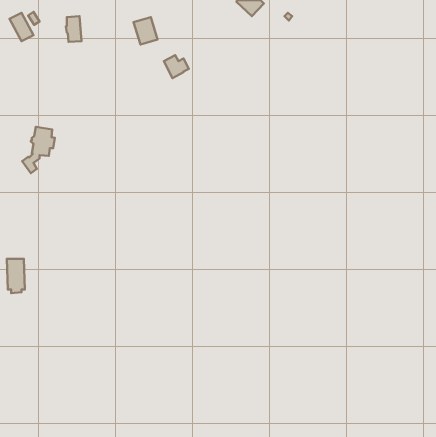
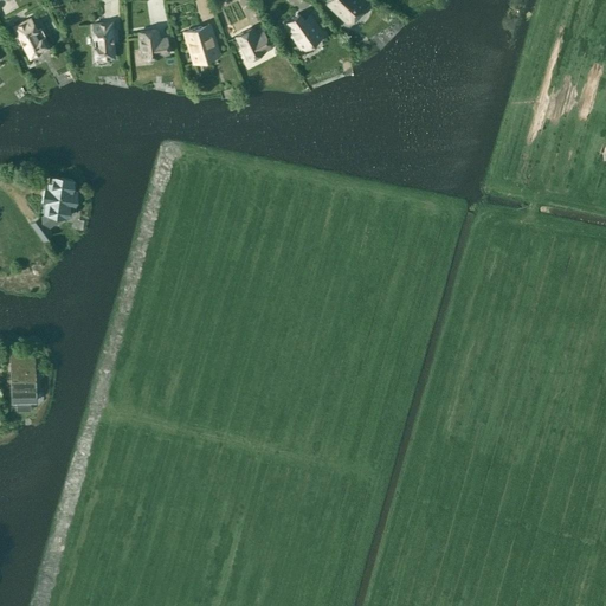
building: none -> [285,14,324,50]
building: none -> [141,30,170,58]
building: [164,55,189,78] -> [238,28,272,60]

